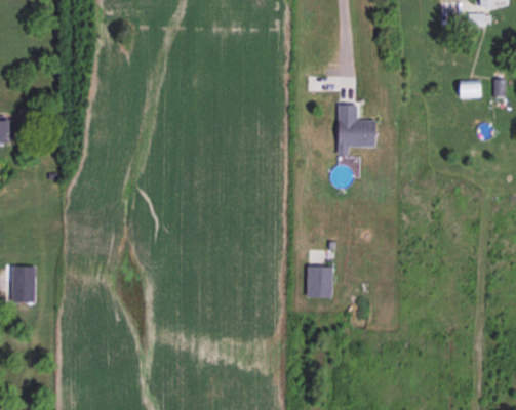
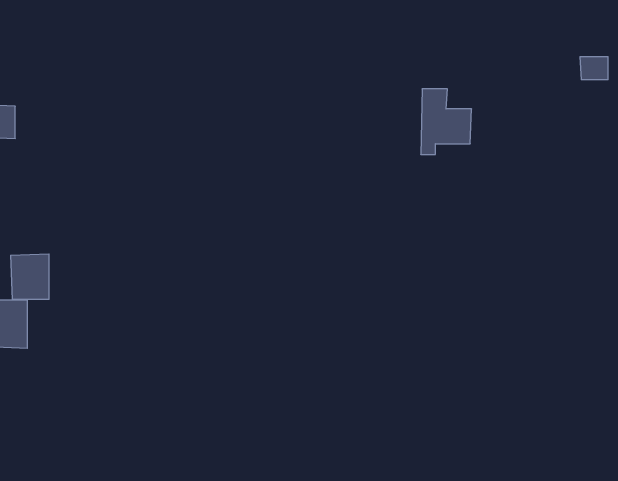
building: none -> [11,254,49,299]
building: [306,266,332,297] -> none

